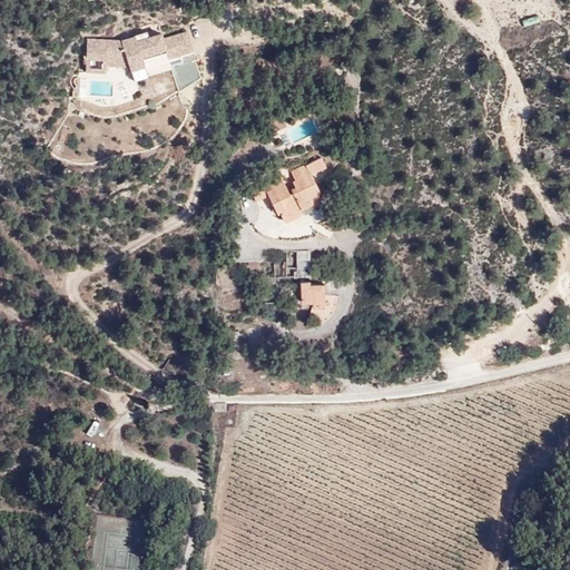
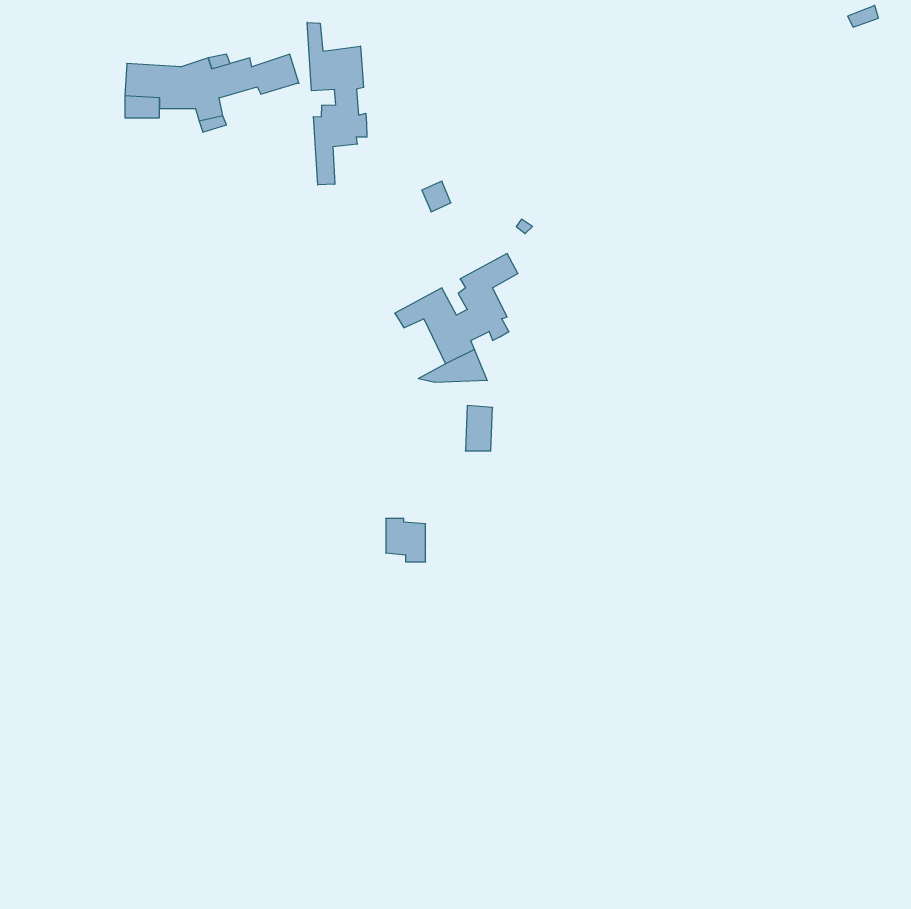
building: none -> [307,22,367,185]
building: [299,279,324,306] -> [386,519,426,562]

